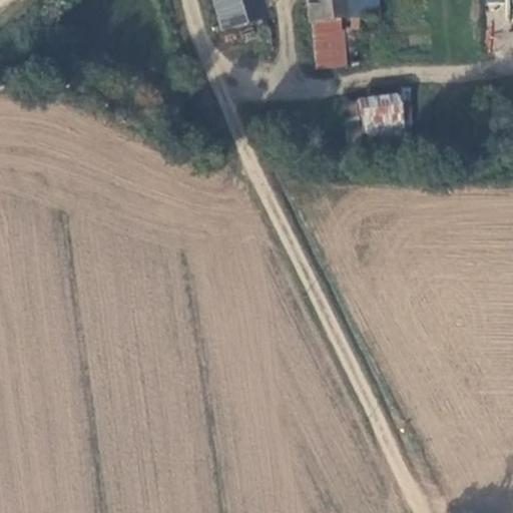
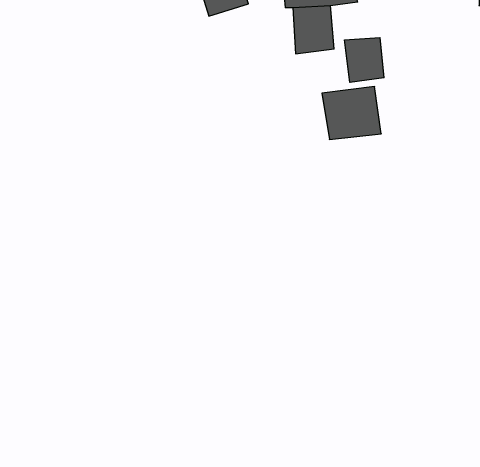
building: none -> [345,38,384,82]

